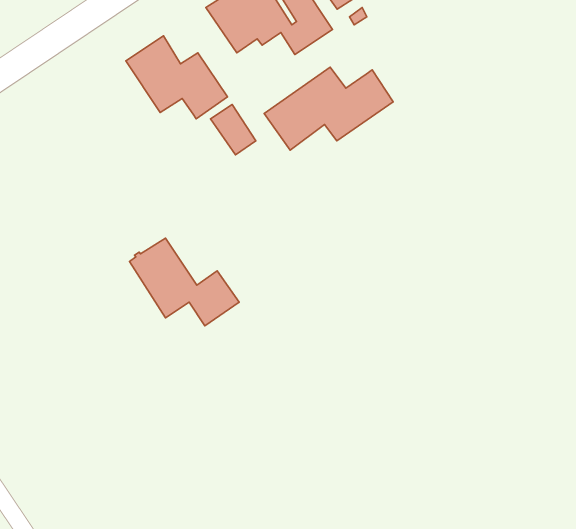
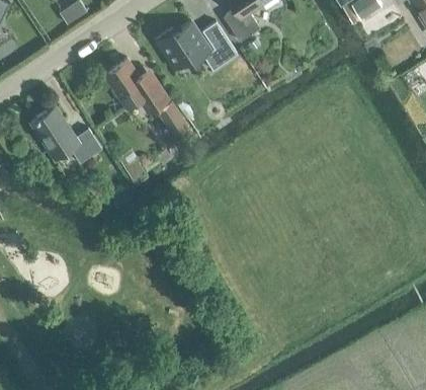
building: [264,67,393,150] -> none
building: [130,238,239,326] -> [31,107,102,164]

